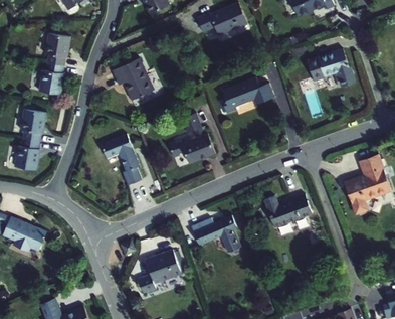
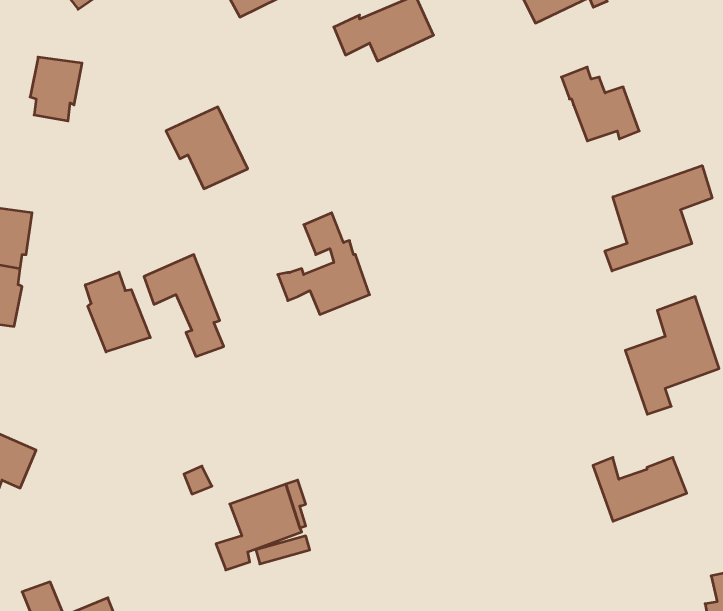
building: [38,63,64,95] -> none
building: [221,77,274,114] -> none
building: none -> [605,166,712,271]
building: none -> [85,272,150,352]
building: [264,195,312,227] -> [593,457,687,521]
building: [193,215,241,253] -> none

